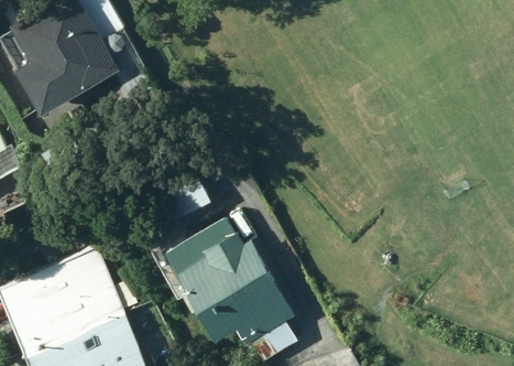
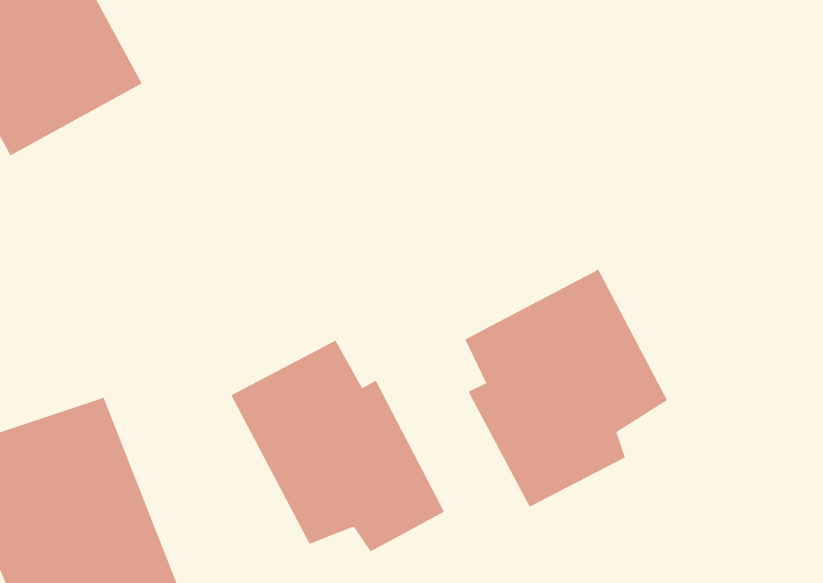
building: none -> [465,269,668,507]

